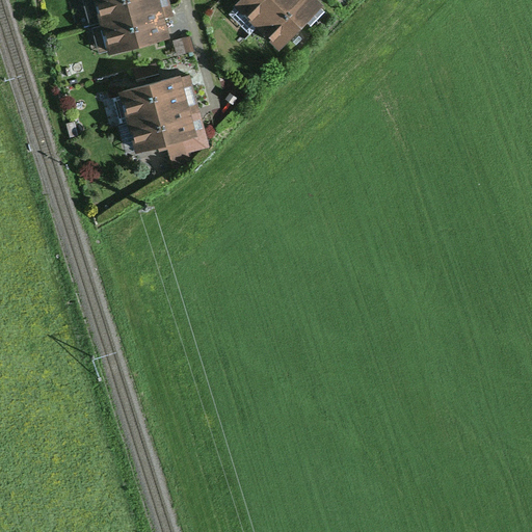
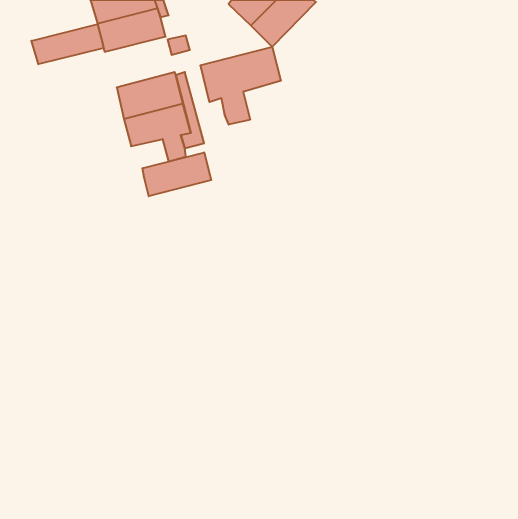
building: none -> [31,24,103,64]
building: none -> [200,47,281,125]
building: none -> [143,152,211,196]

